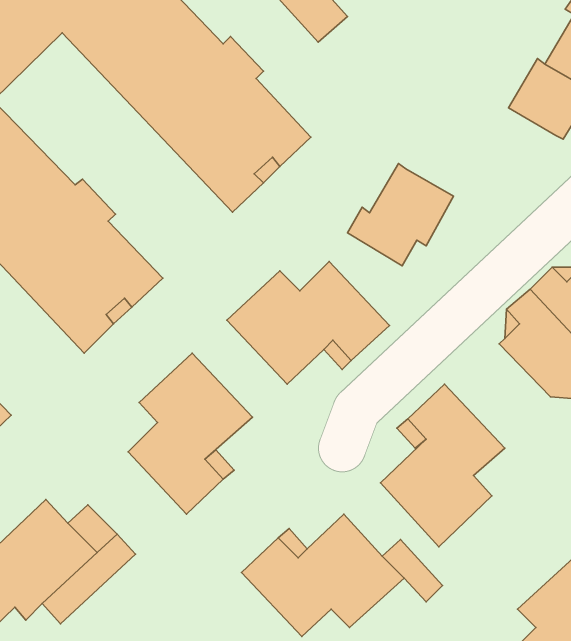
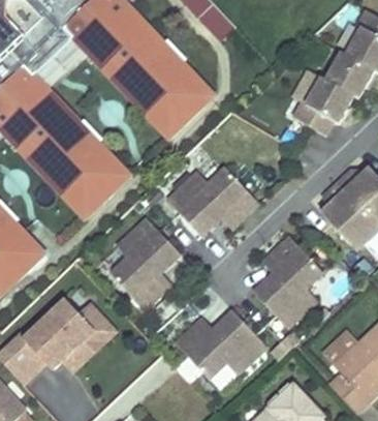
building: [347,163,453,266] -> [292,77,352,134]

